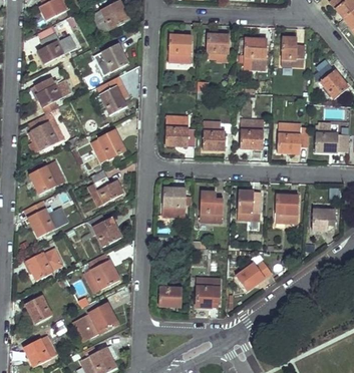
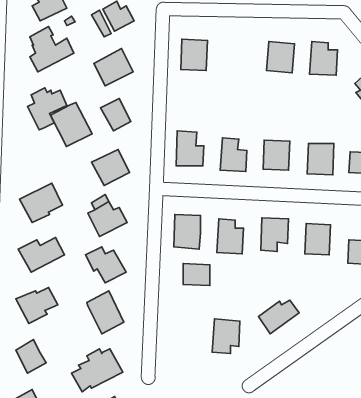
building: [206,33,229,58] -> none
building: [29,111,65,149] -> [50,102,92,146]
building: [159,287,183,306] -> [183,264,210,286]

